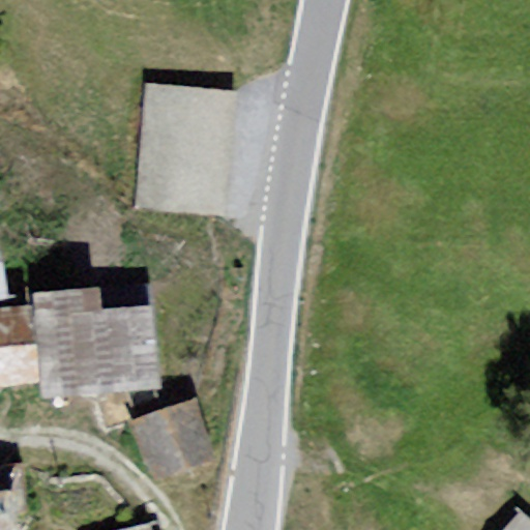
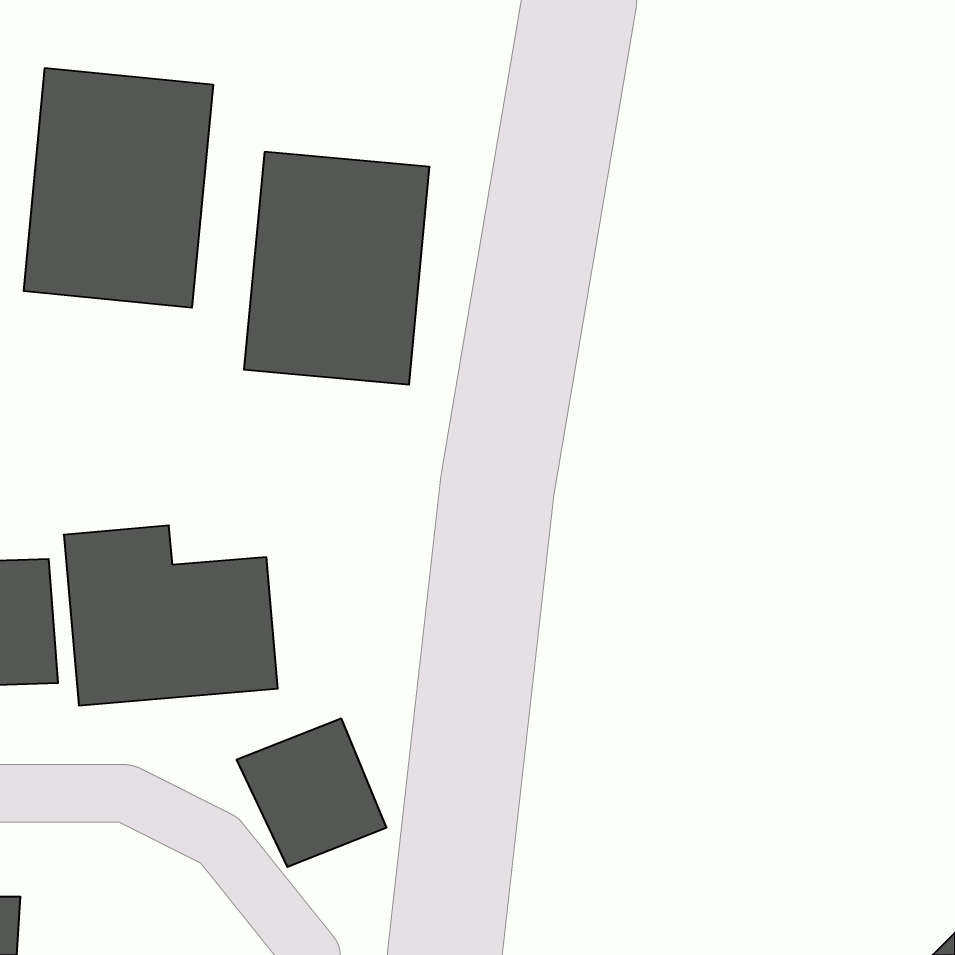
building: none -> [24,68,213,308]

